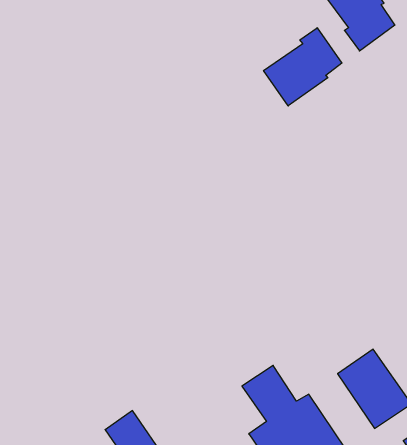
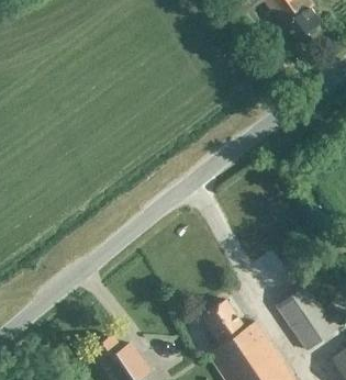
building: [264,28,342,106] -> none

